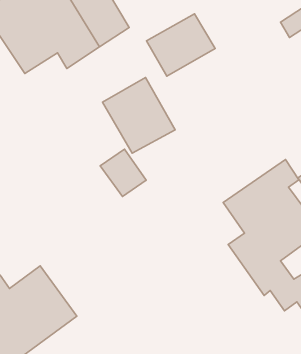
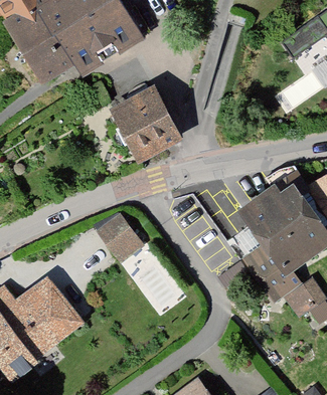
building: [146,14,215,76] -> none
building: [100,149,146,196] -> [102,215,147,261]

